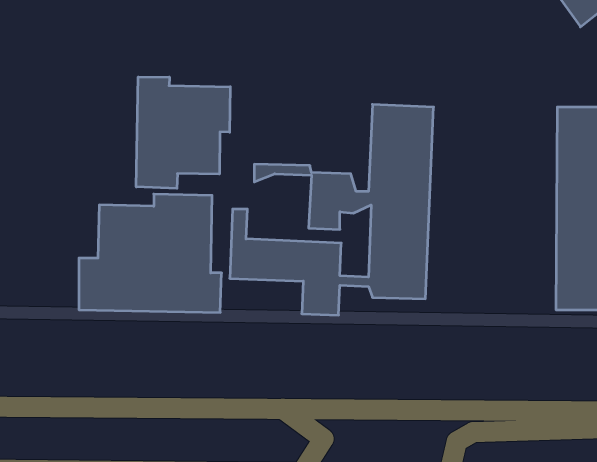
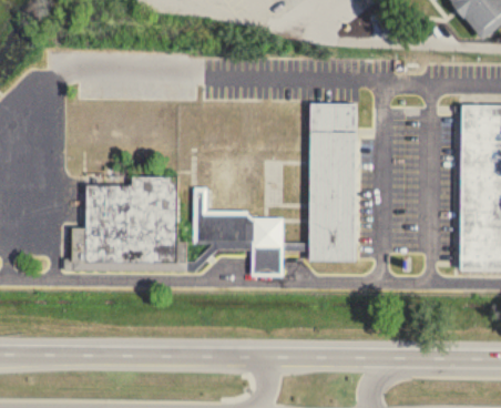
building: [136,77,230,188] -> none

